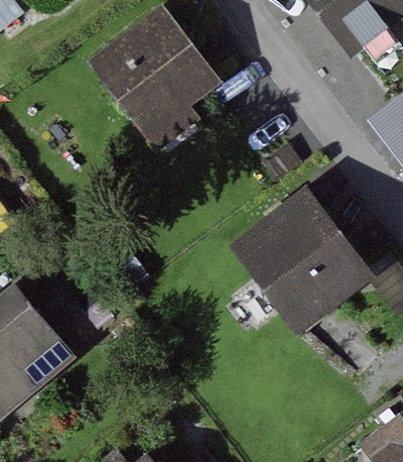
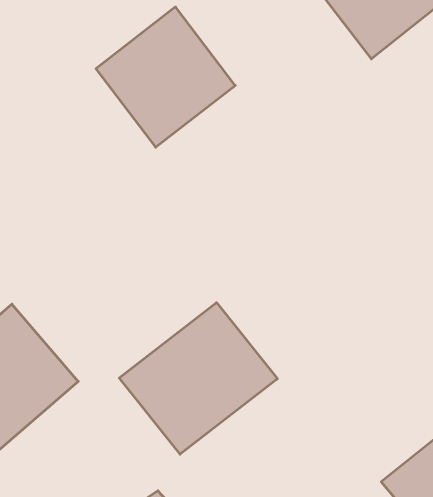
building: [232,198,365,332] -> none
building: none -> [119,303,277,454]

